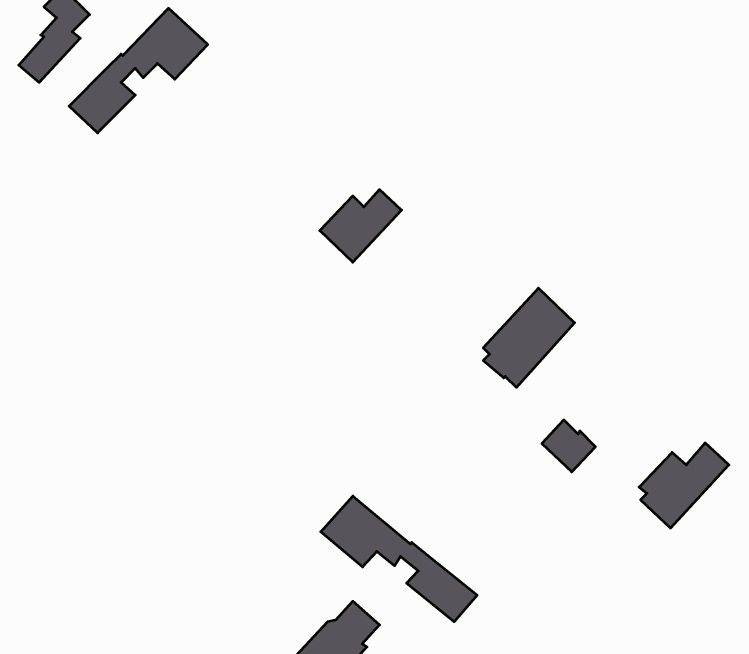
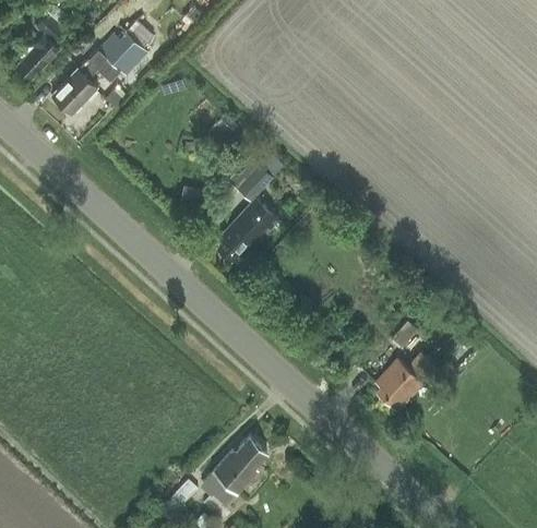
building: [483,288,575,387] -> [217,199,281,267]
building: [639,443,729,528] -> [375,352,438,411]
building: [321,496,477,622] -> none

